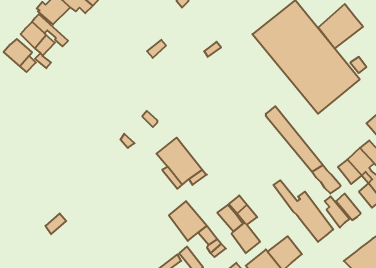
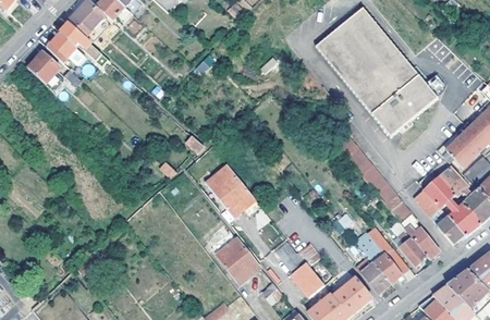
building: [318,4,363,48] -> none
building: none -> [358,263,389,295]

